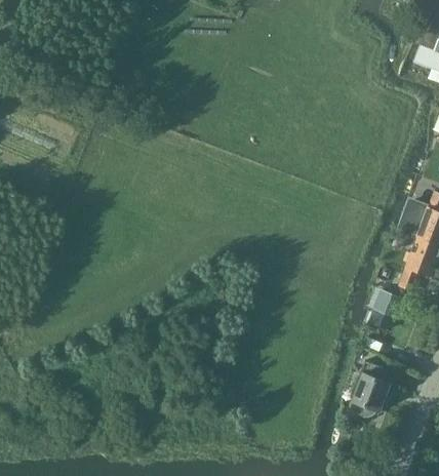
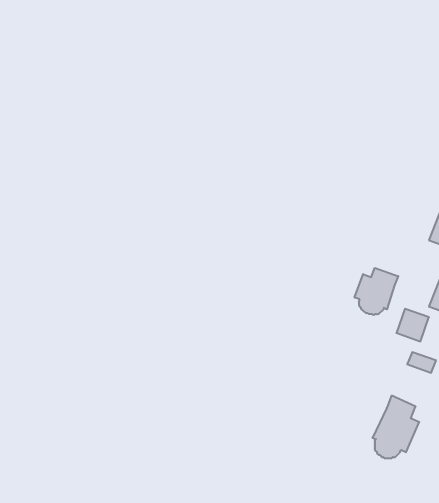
building: none -> [355,268,398,315]

